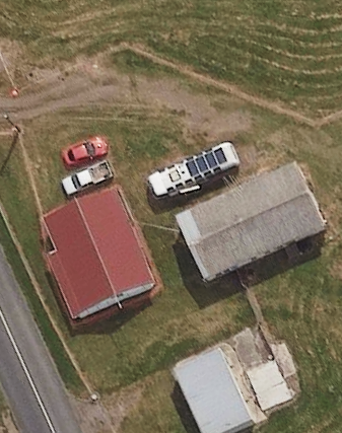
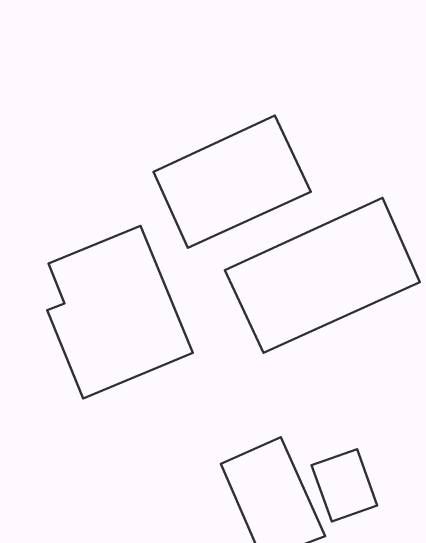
building: none -> [154,116,311,248]

